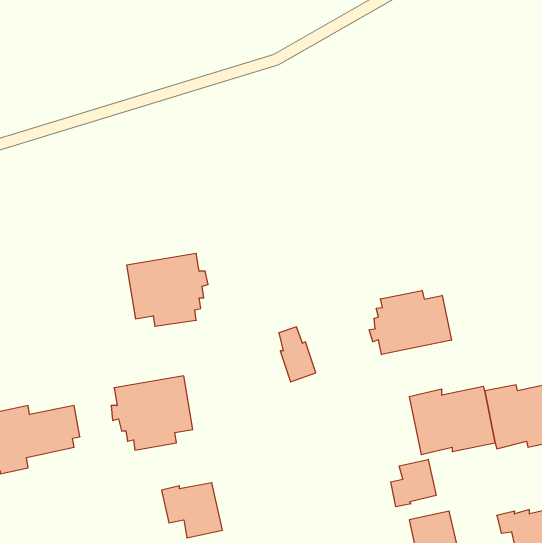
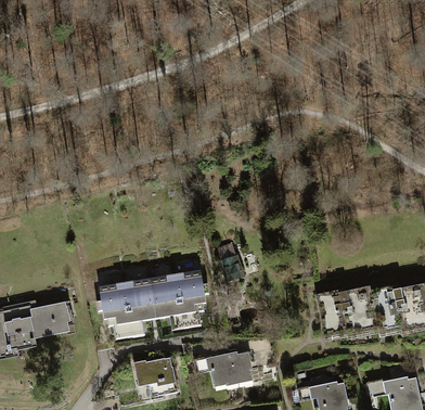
building: [127,253,208,326] -> [149,271,208,324]
building: [369,290,451,355] -> none
building: [391,459,436,507] -> none
building: none -> [207,351,250,384]

